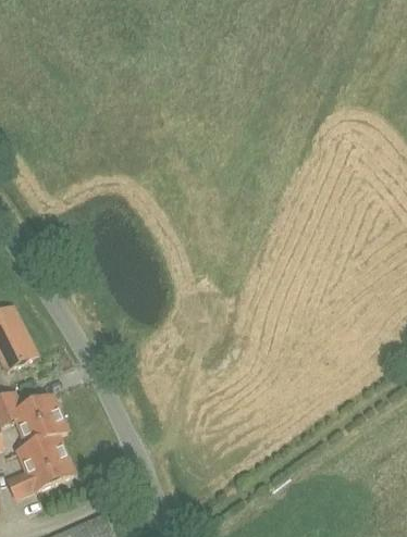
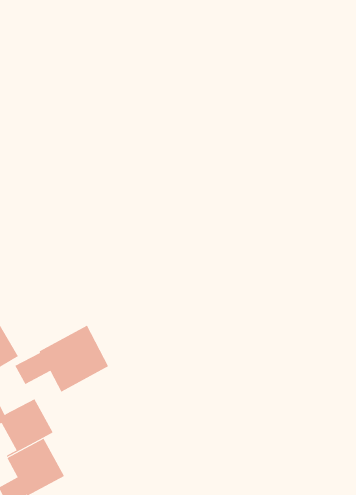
building: none -> [14,325,109,392]

